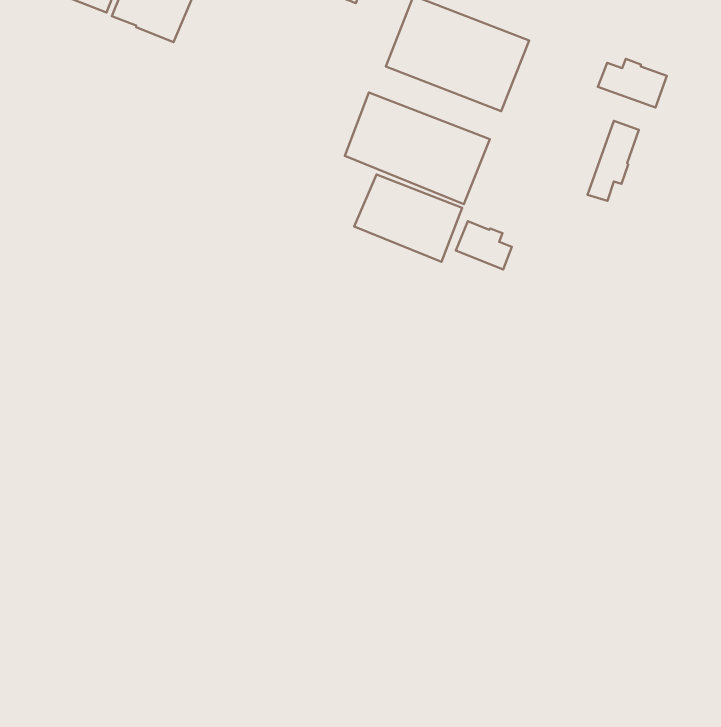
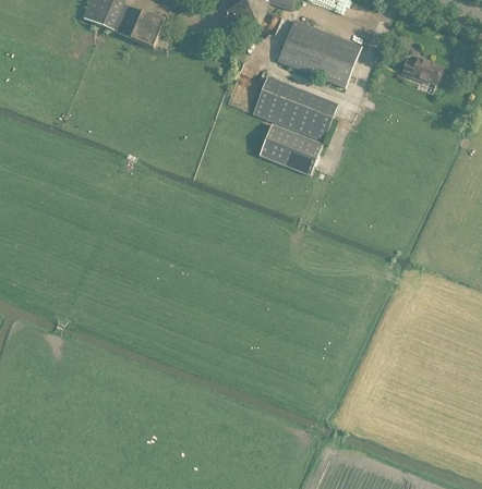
building: [588,121,639,201] -> none
building: [456,221,512,269] -> none

